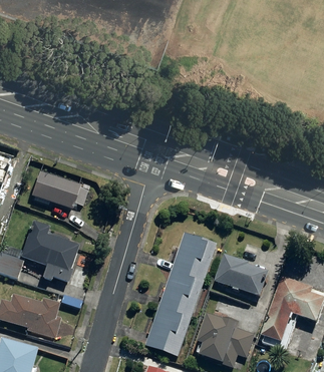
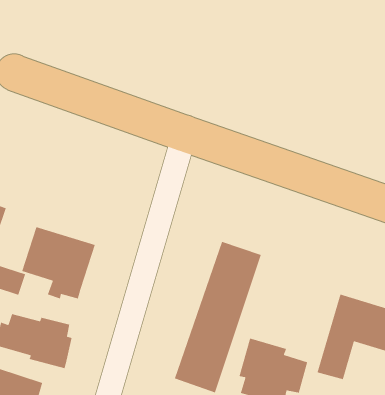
building: [29,169,80,220] -> none
building: [211,253,270,303] -> none

